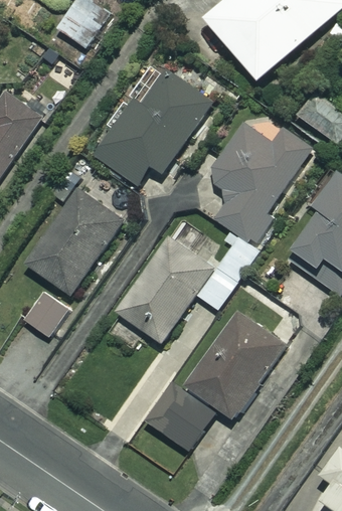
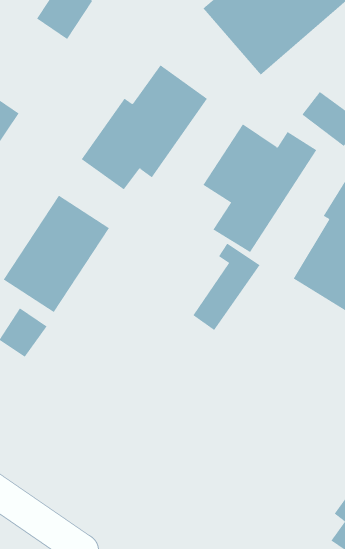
building: [116,236,213,342] -> none
building: [188,313,286,418] -> none
building: [144,380,217,452] -> none

